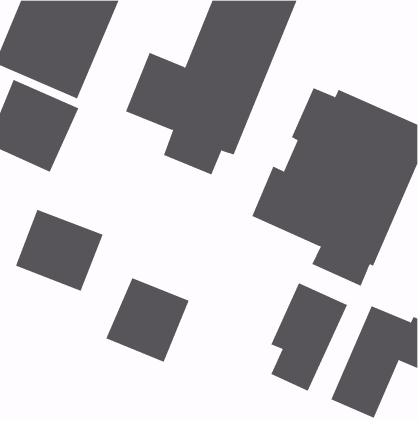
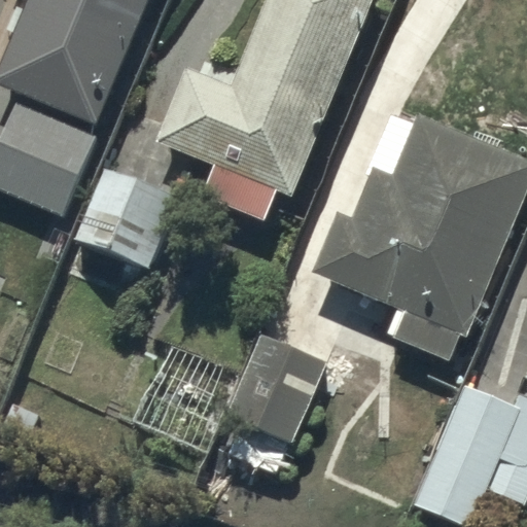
building: [15,209,104,292] -> [74,166,184,269]
building: [270,282,348,391] -> [229,336,325,471]

